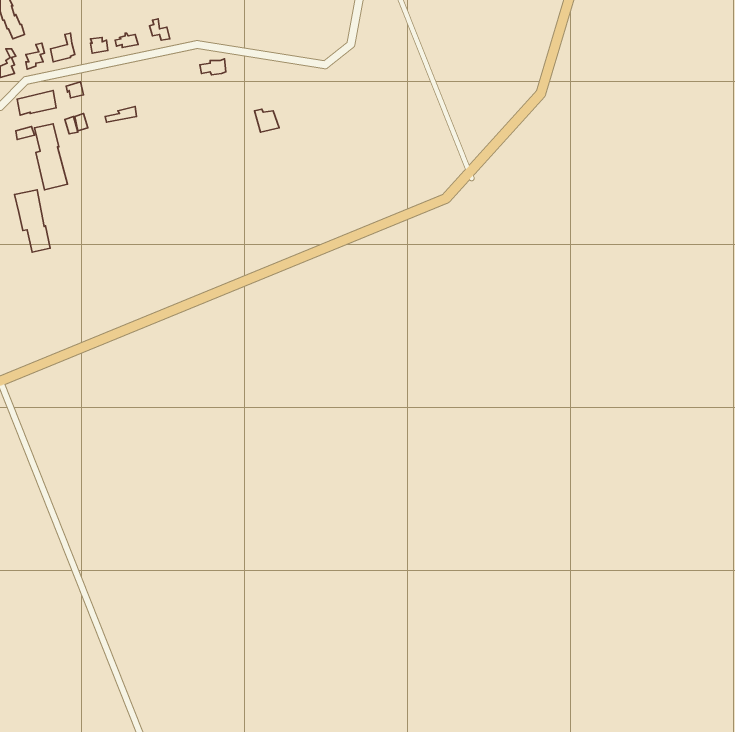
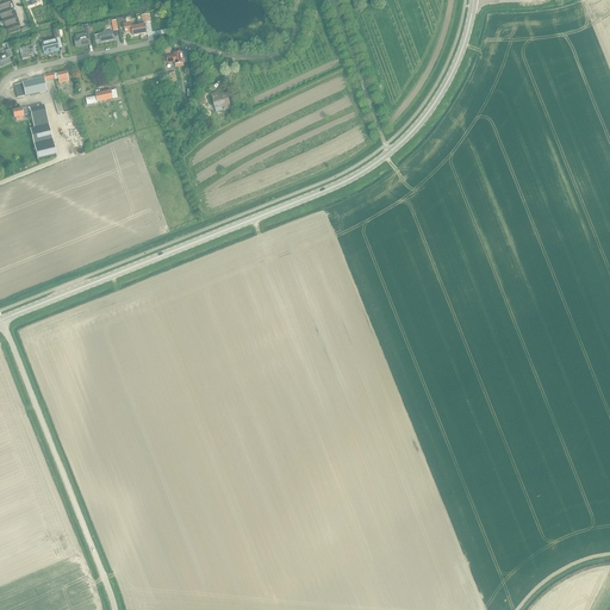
building: [15,190,50,252] -> none

